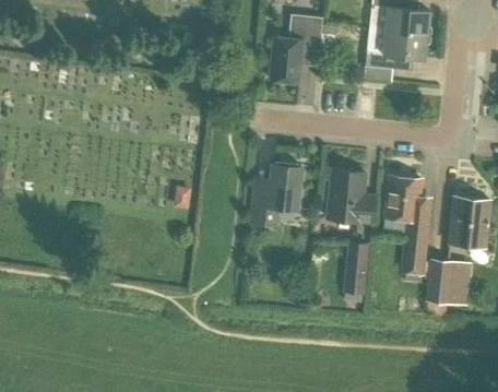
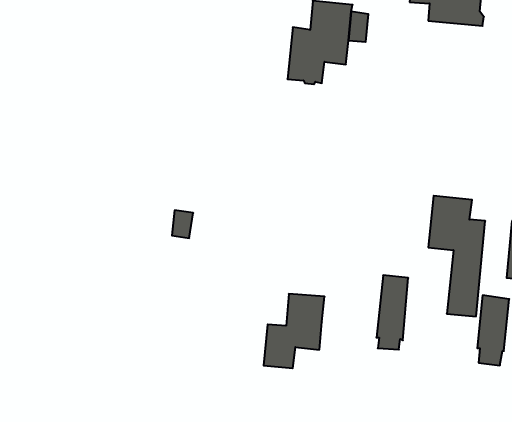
building: [365,32,430,69] -> none
building: [251,164,301,225] -> [264,294,325,368]
building: [328,169,377,224] -> none

